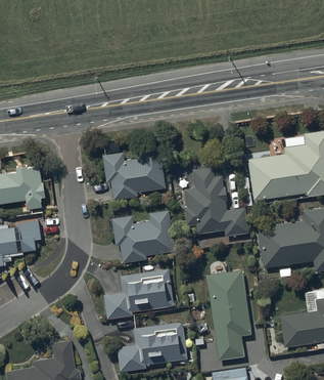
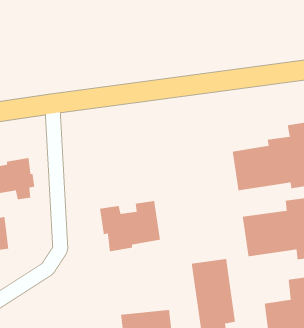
building: [102,149,166,200] -> none
building: [183,167,249,237] -> none
building: [17,219,42,252] -> none
building: [103,268,173,319] -> none

